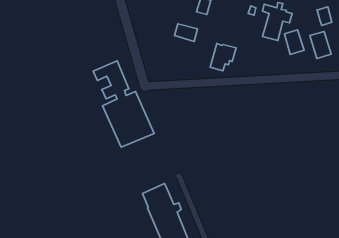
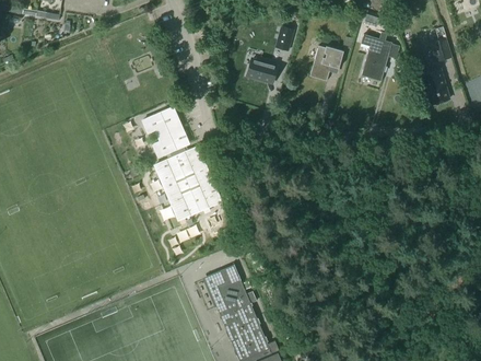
building: [284,30,304,54] -> none
building: [210,44,236,71] -> [309,45,343,80]

